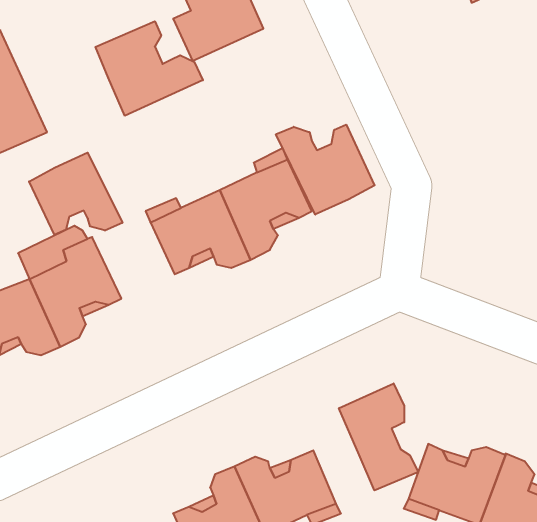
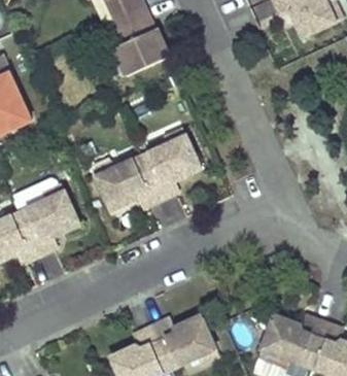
building: [95,21,203,116] -> none
building: [276,125,375,215] -> none
building: [29,153,122,235] -> none
building: [339,383,418,490] -> none

